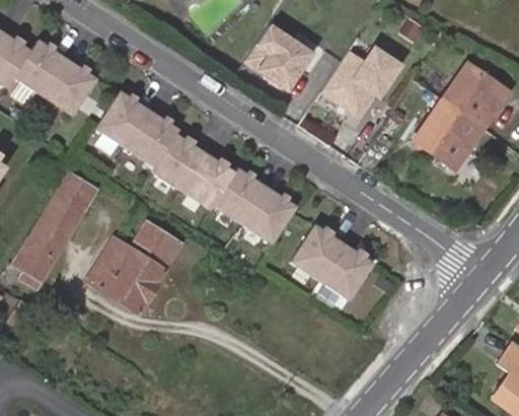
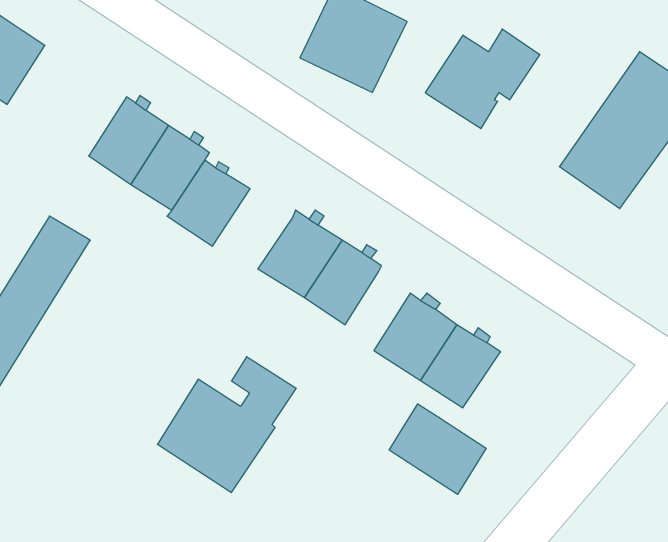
building: [43,58,97,116] -> none
building: [180,154,234,211] -> none
building: [88,222,181,314] -> [157,357,296,492]
building: none -> [389,404,486,494]

